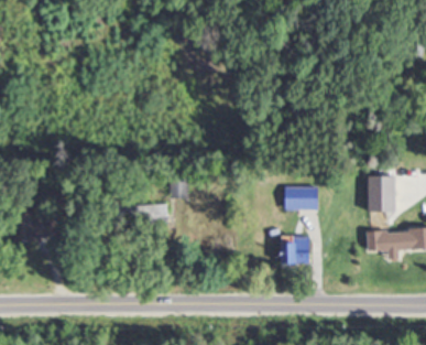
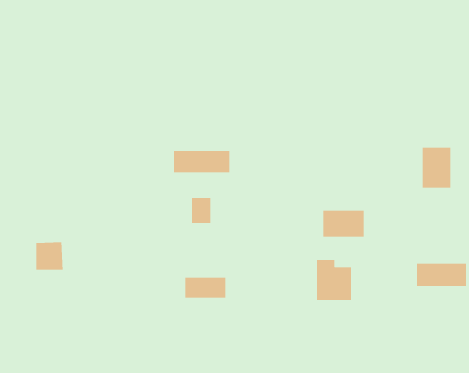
building: none -> [173,150,230,173]
building: [370,175,395,212] -> [422,147,451,189]
building: [131,204,167,223] -> [184,277,226,298]

